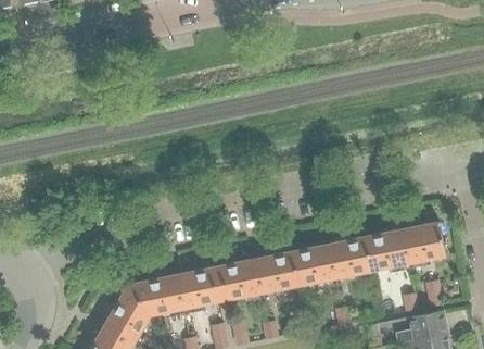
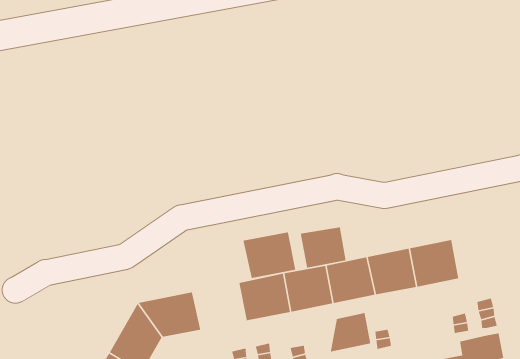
building: none -> [300,226,347,269]
building: [403,222,446,263] -> none
building: [177,266,224,308] -> [242,232,296,279]
building: none -> [330,312,371,352]

